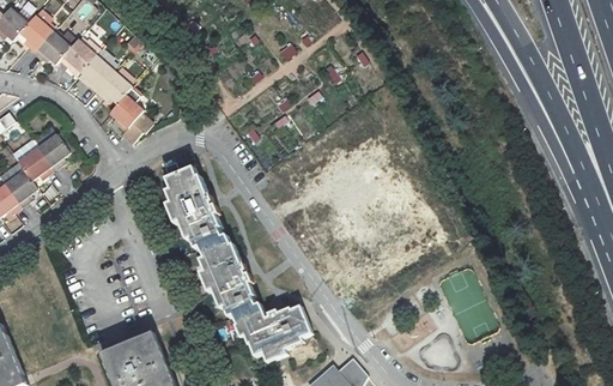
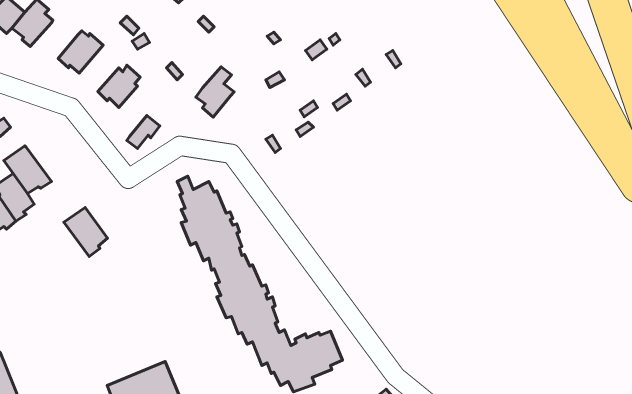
building: [30,25,73,61] -> none
building: [74,43,114,88] -> none
building: [104,83,139,128] -> [196,67,234,117]
building: [26,125,66,169] -> [64,208,108,257]

